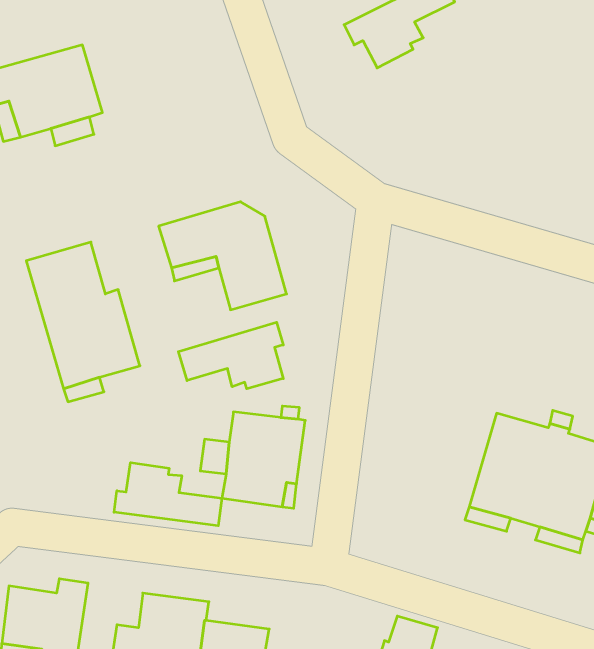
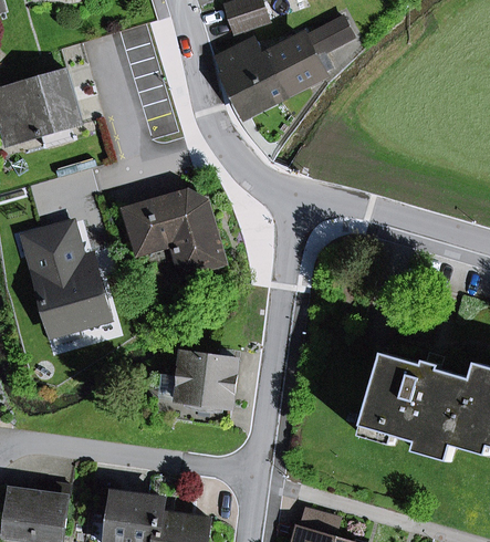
building: none -> [217,41,291,111]
building: [178,322,283,389] -> none
building: [114,463,222,526] -> none

